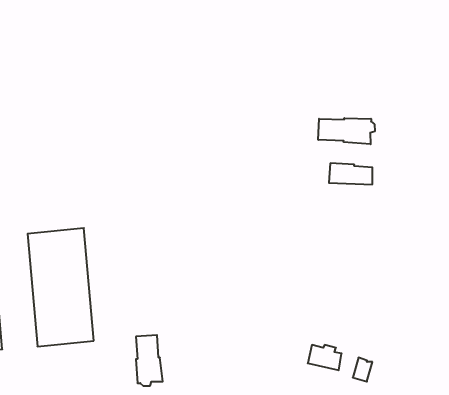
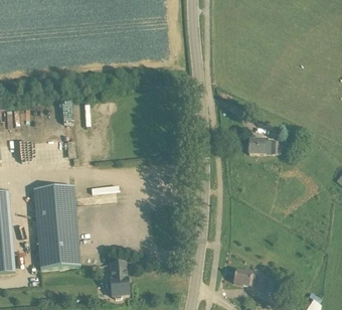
building: [318,118,375,144] -> none

